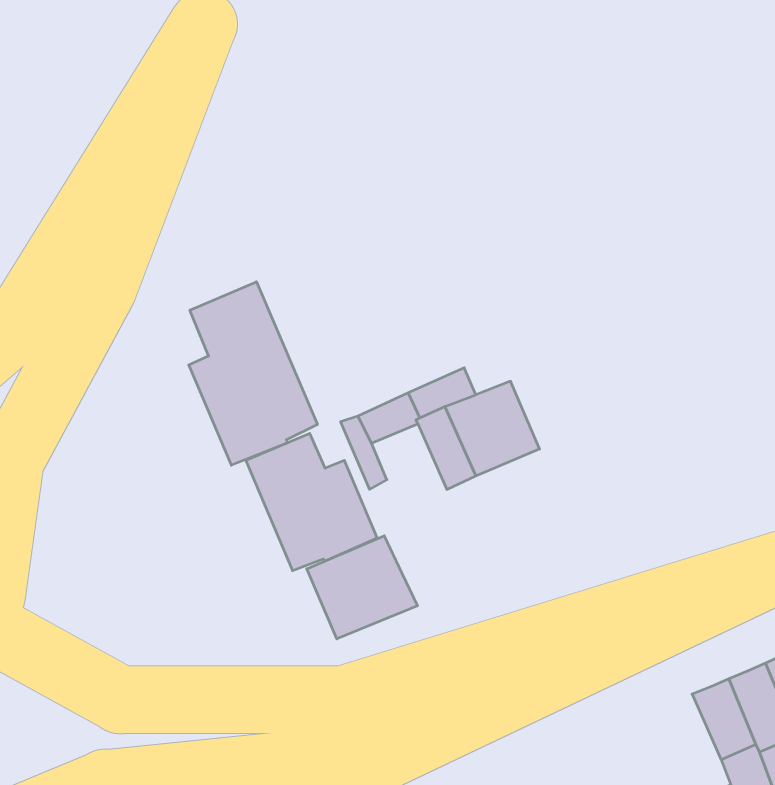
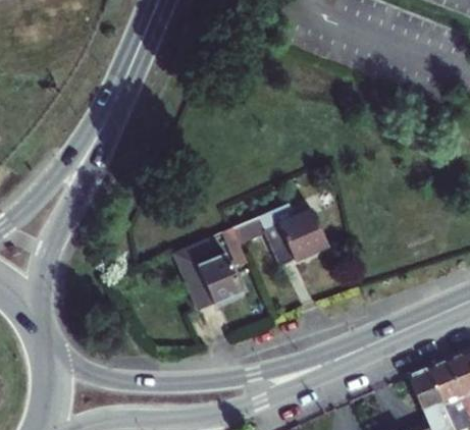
building: [189,282,317,465] -> none
building: [307,536,417,639] -> none

